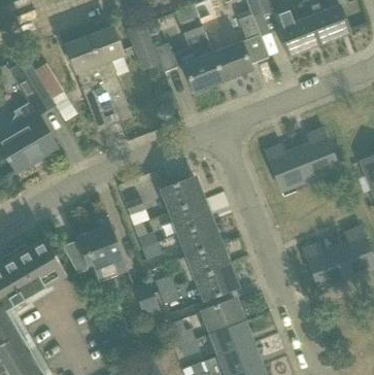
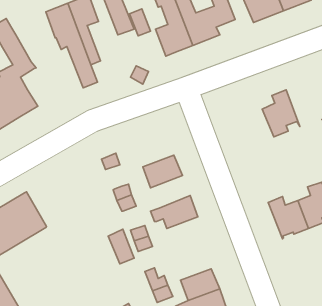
building: [265,145,309,190] -> none
building: [161,176,202,211] -> none
building: [74,213,127,280] -> none
building: [177,220,219,255] -> none
building: [195,265,237,300] -> none
building: [201,298,242,333] -> none

